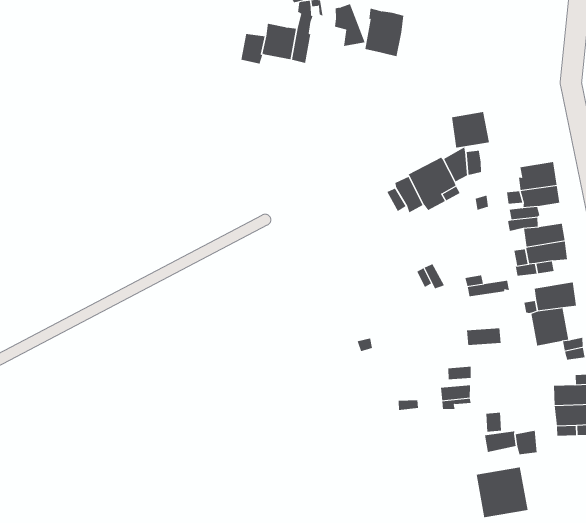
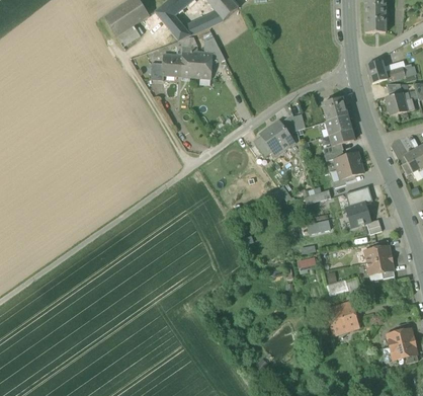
building: [364,8,404,57] -> [190,50,211,77]
building: [451,111,490,148] -> [322,96,347,121]

